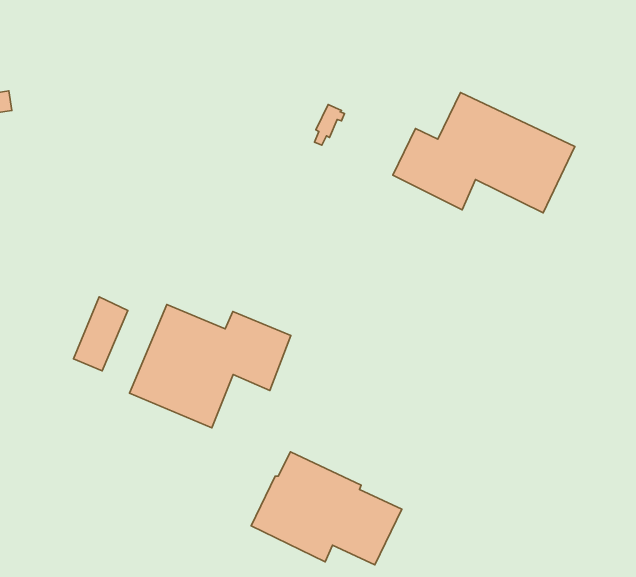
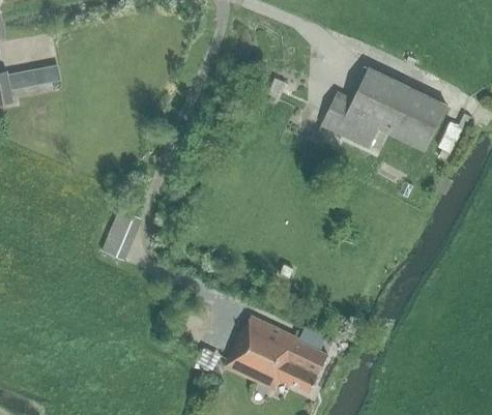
building: [130,305,291,428] -> none

